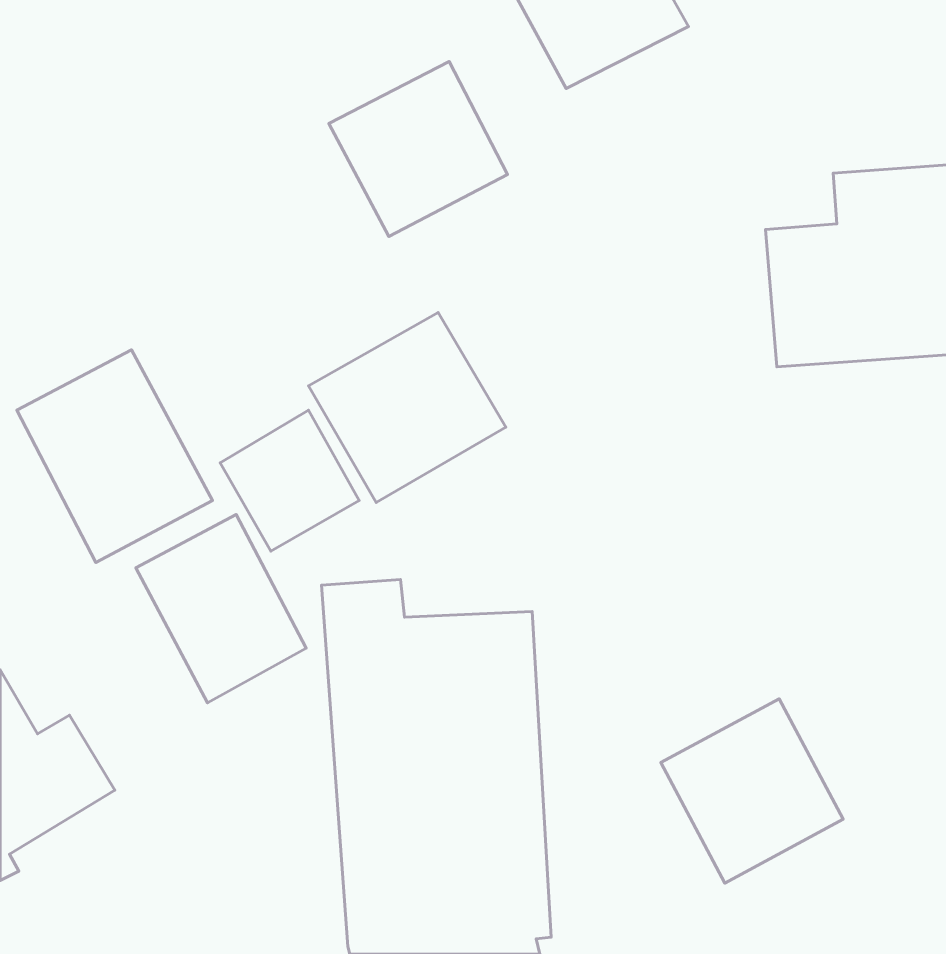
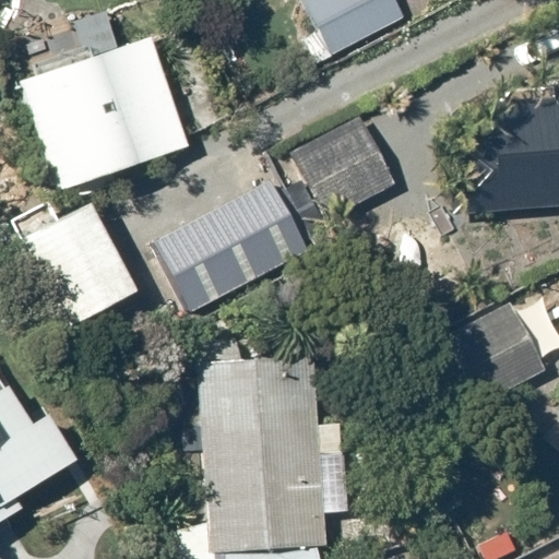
building: none -> [21,35,188,189]
building: [329,62,507,237] -> [295,115,399,216]
building: [136,514,306,703] -> none
building: [661,699,843,883] -> [444,300,550,407]

